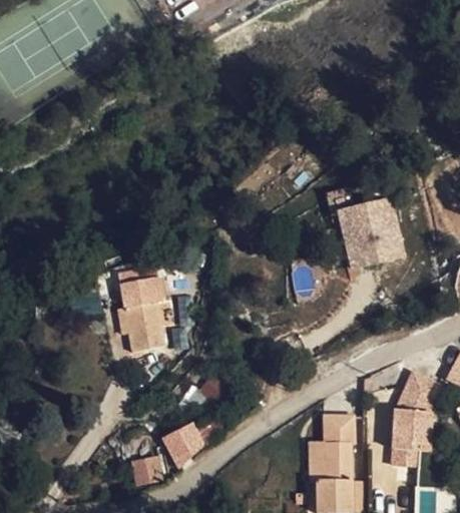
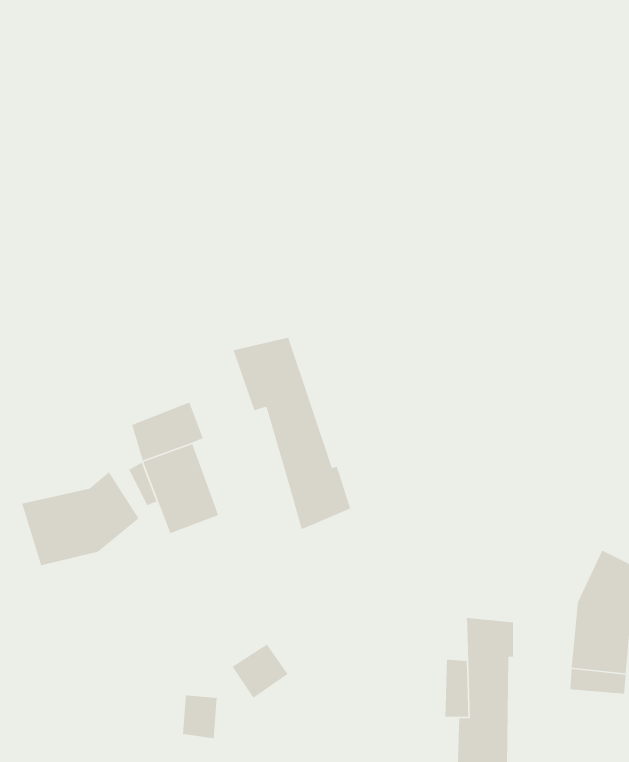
building: [343,193,409,268] -> none
building: none -> [233,337,351,530]
building: none -> [21,471,139,566]

